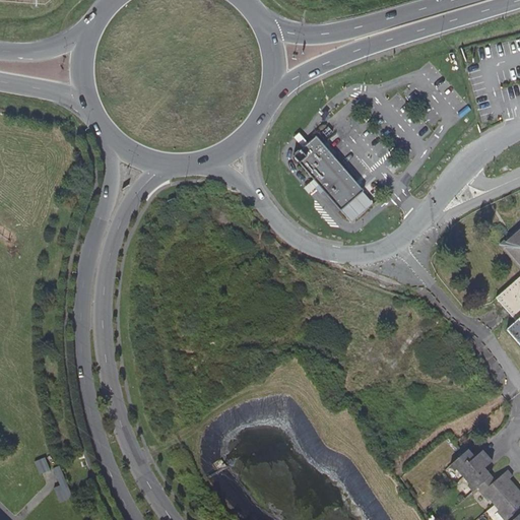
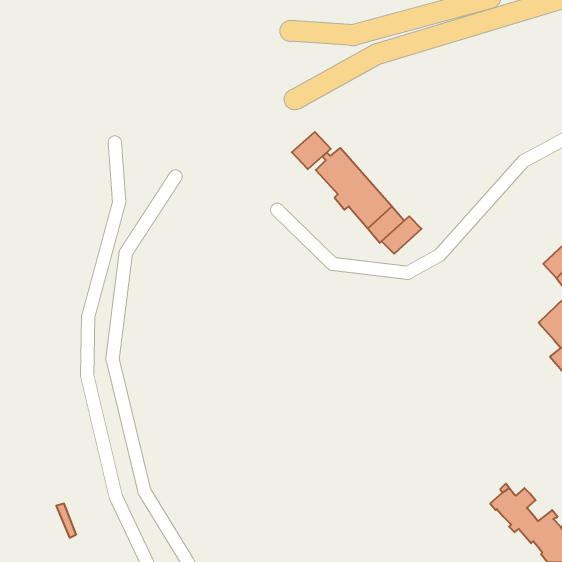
building: none -> [292,132,331,169]
building: none -> [382,216,422,254]

